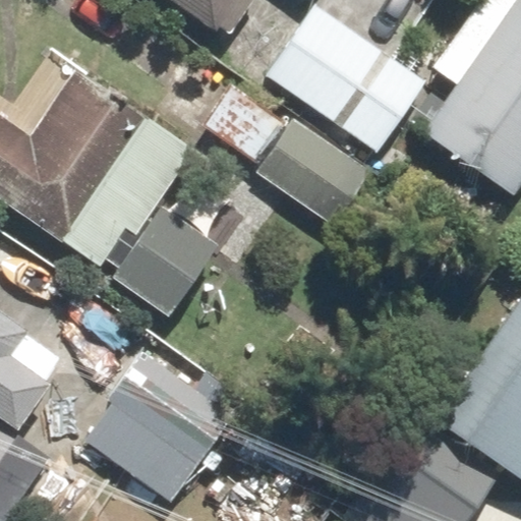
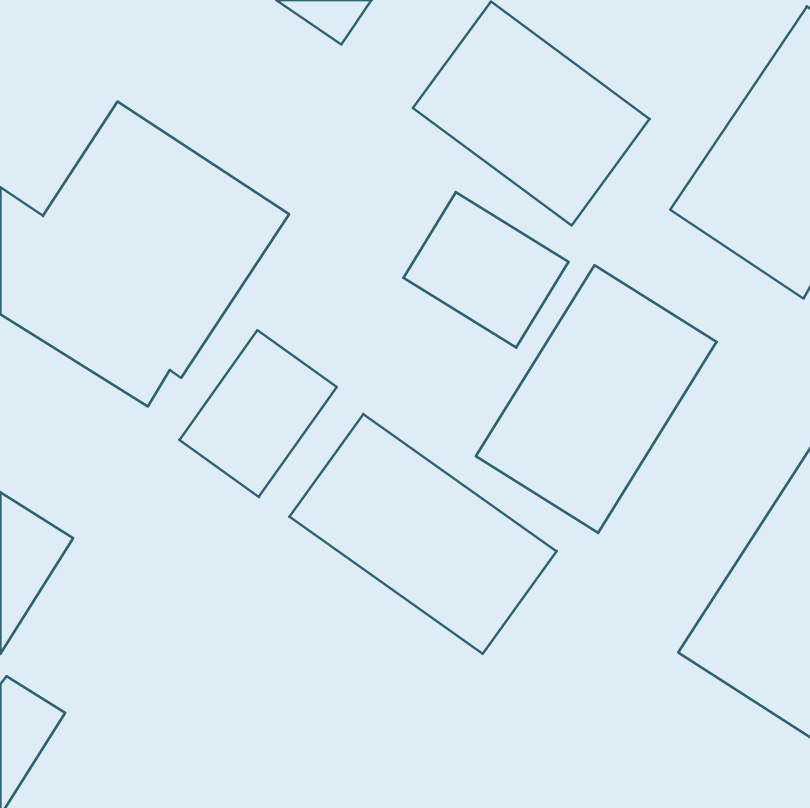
building: none -> [476,265,717,533]
building: none -> [289,414,557,654]
building: [74,352,219,498] -> none

